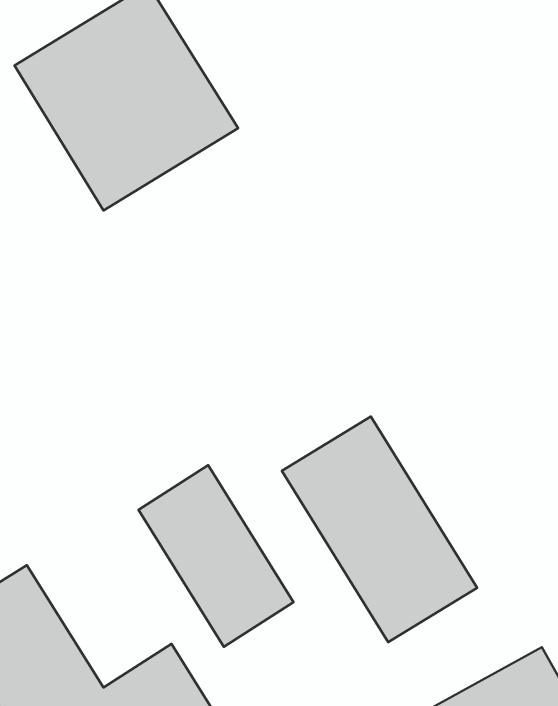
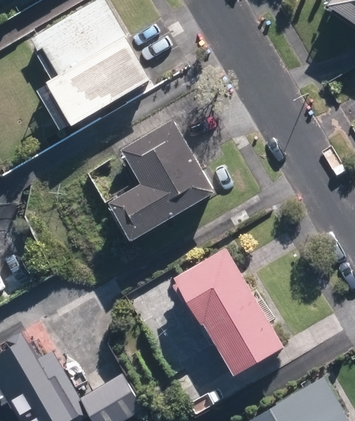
building: none -> [104,110,216,242]
building: [138,465,294,647] -> none

